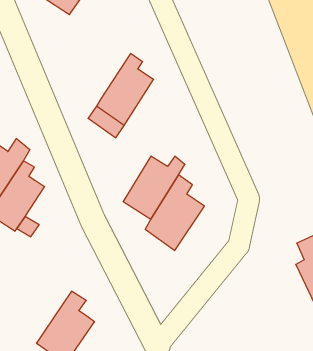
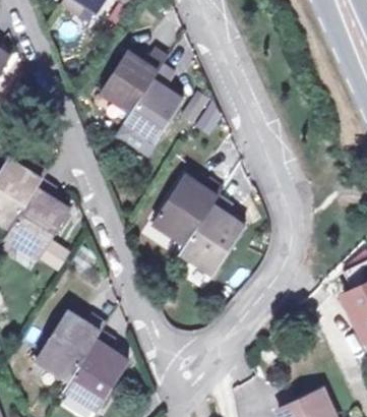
building: none -> [102,44,169,113]
building: none -> [37,303,104,368]

